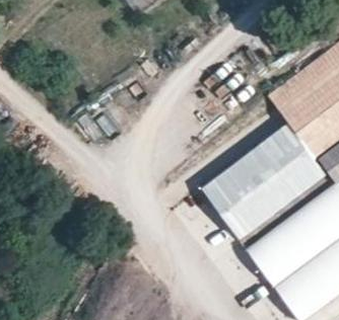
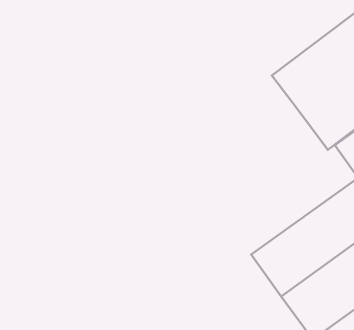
building: [201,124,325,238] -> none

